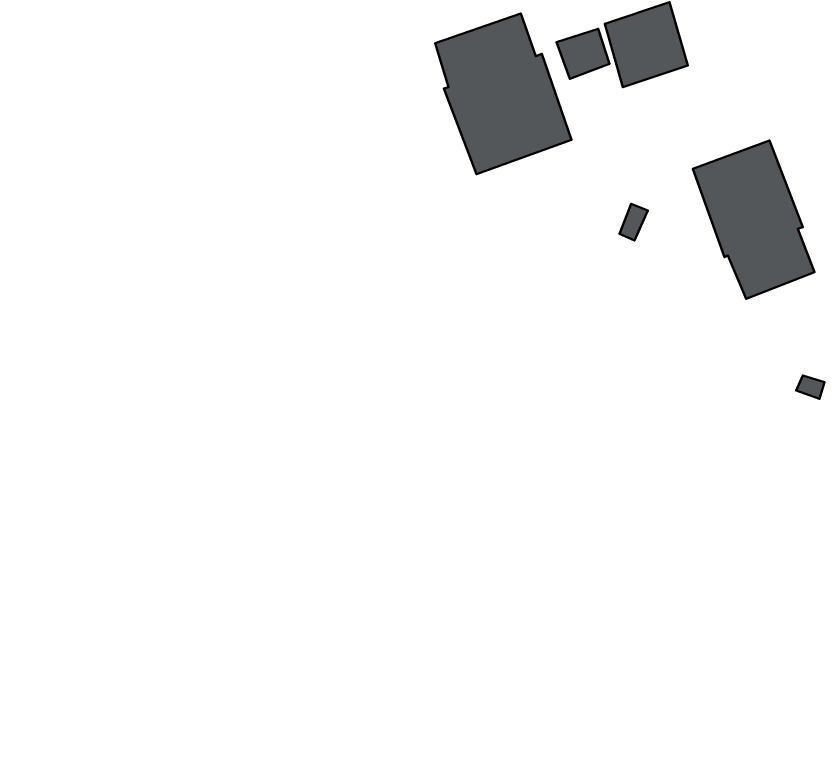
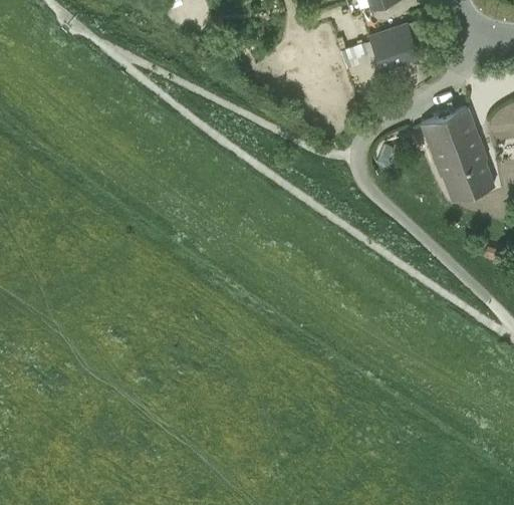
building: [435,13,571,174] -> none

